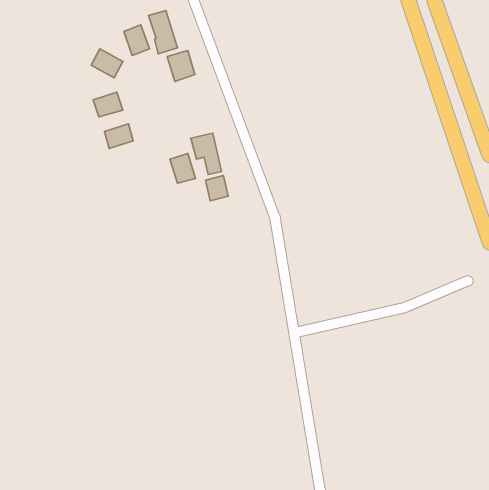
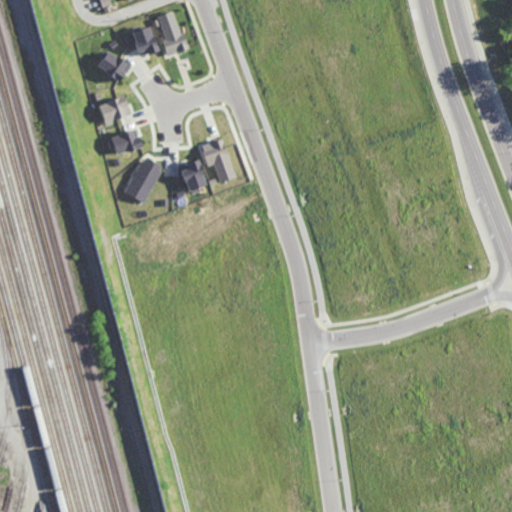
building: [167,50,195,81] -> none
building: none -> [124,157,161,203]
building: [205,175,228,201] -> none

